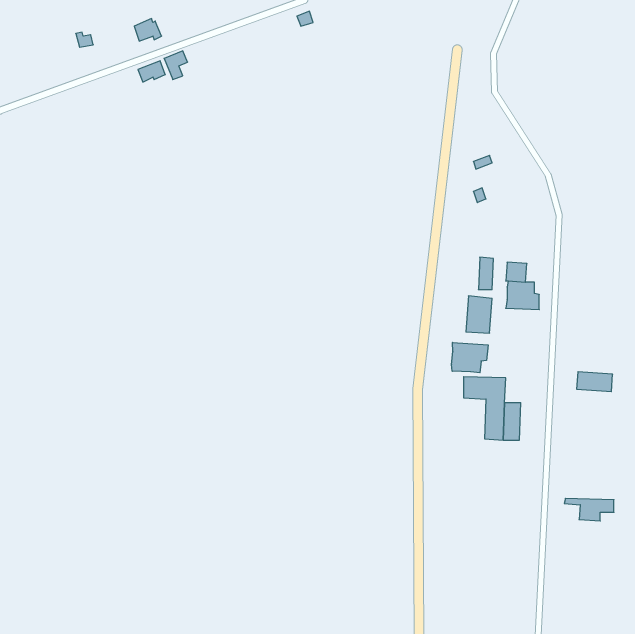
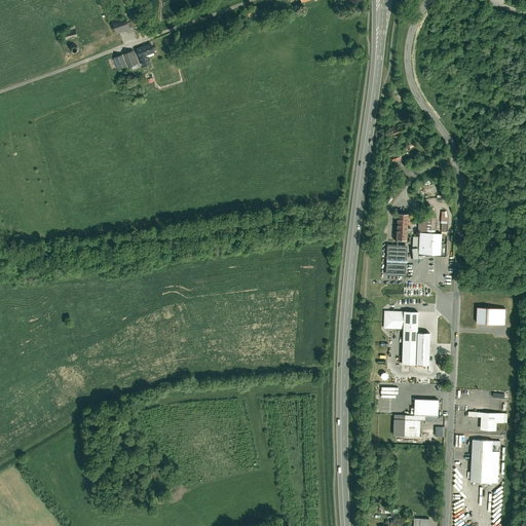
building: [452,342,488,373] -> none
building: none -> [414,400,438,417]
building: none -> [393,420,420,437]
building: none -> [468,441,499,484]

